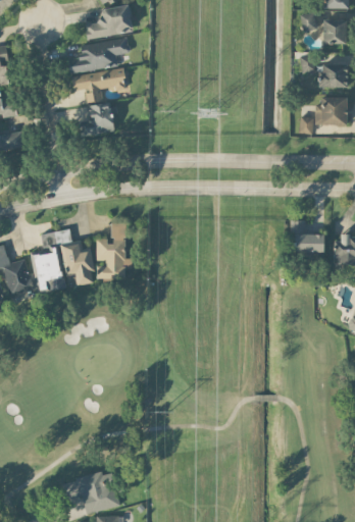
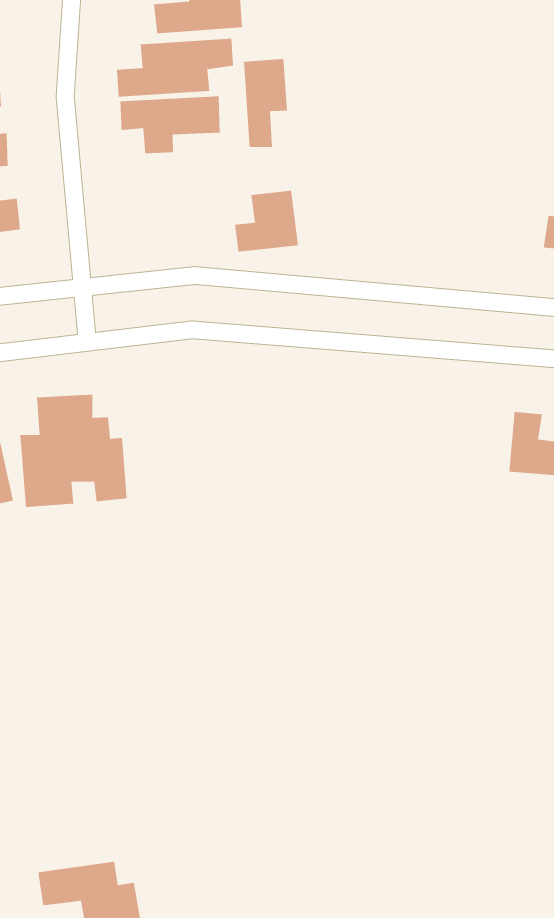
building: none -> [244,58,288,148]
building: [82,102,116,137] -> [234,190,299,252]
building: [97,222,133,280] -> none

